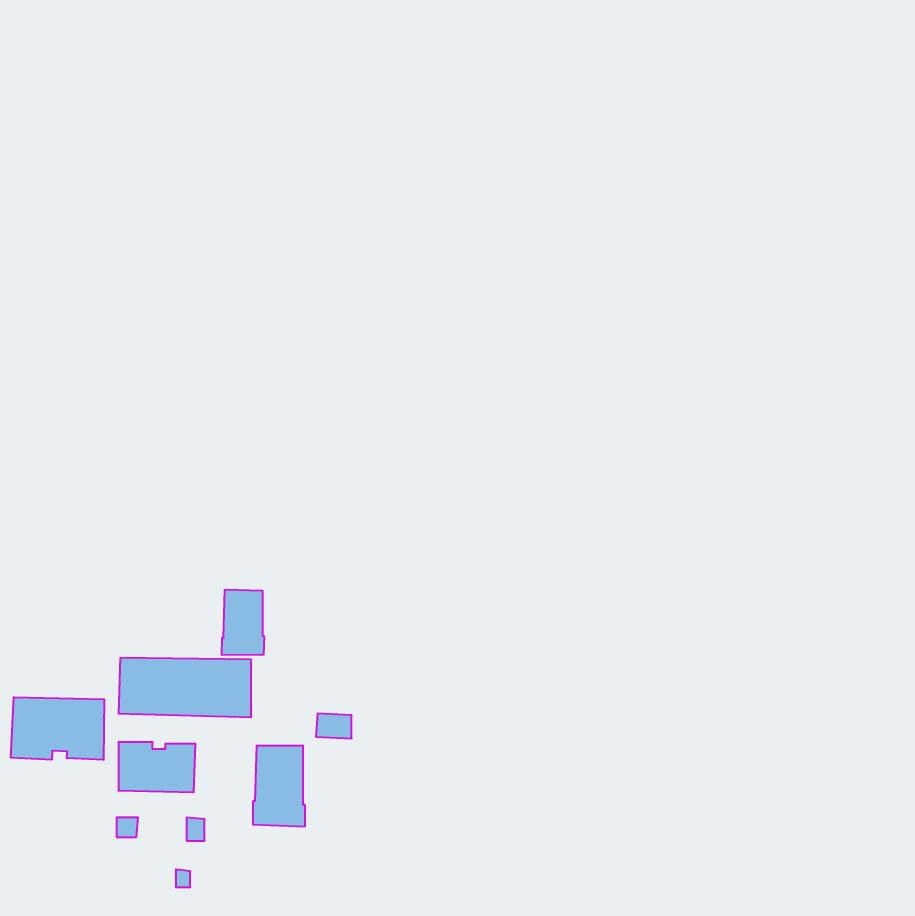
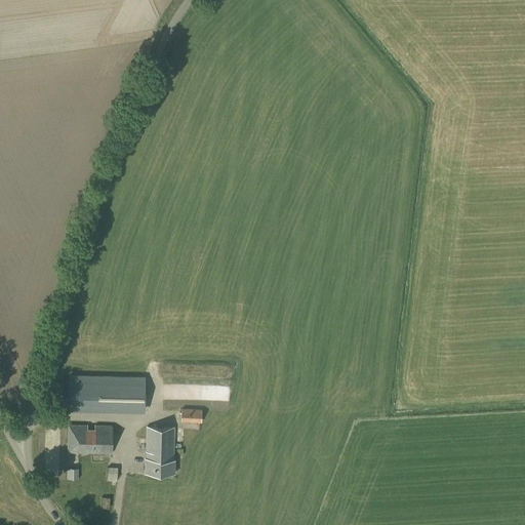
building: [222,590,264,655] -> none
building: [11,697,104,760] -> none

